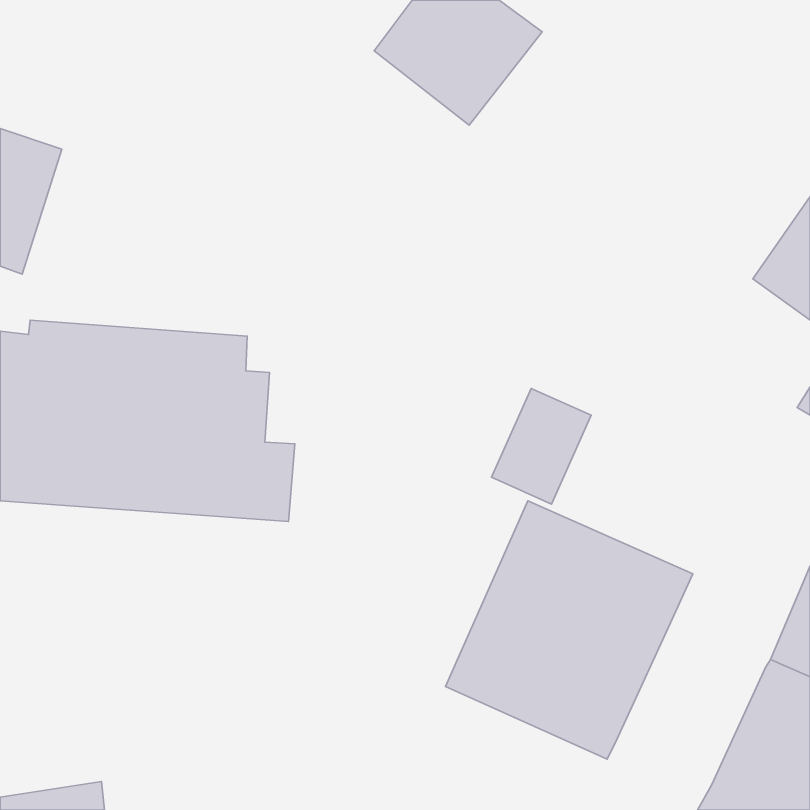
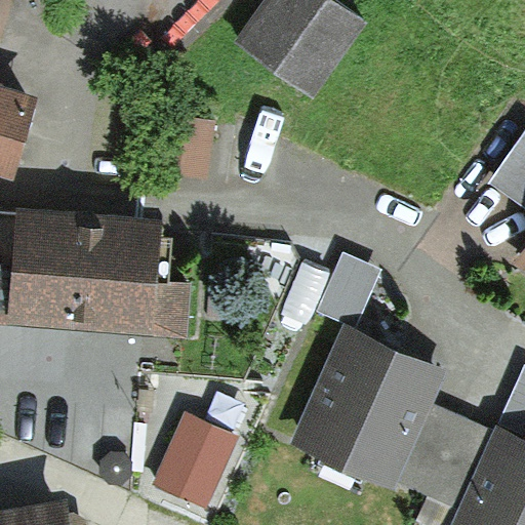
building: none -> [399,403,495,508]
building: none -> [150,411,238,510]

